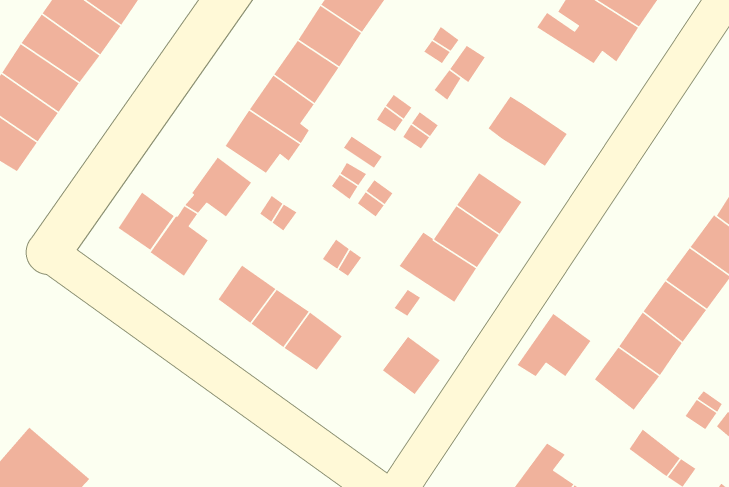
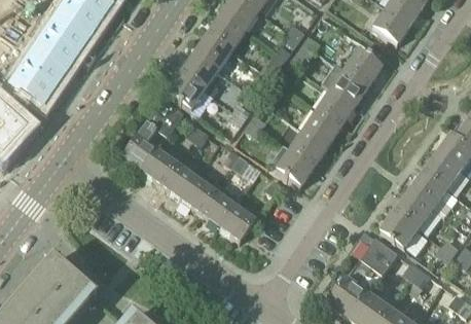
building: none -> [343,47,383,84]
building: none -> [317,87,356,124]
building: [117,192,175,251] -> [143,147,177,182]
building: [517,313,592,377] -> [357,236,401,274]
building: [382,336,441,395] -> [221,204,256,239]

